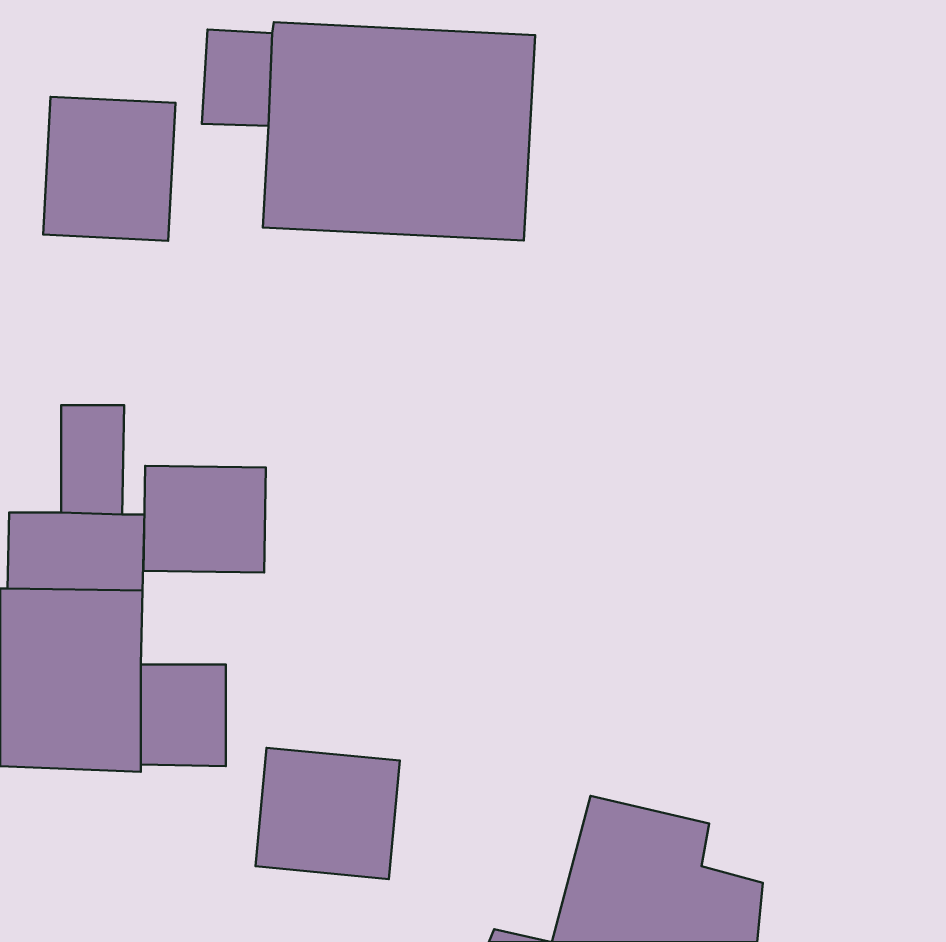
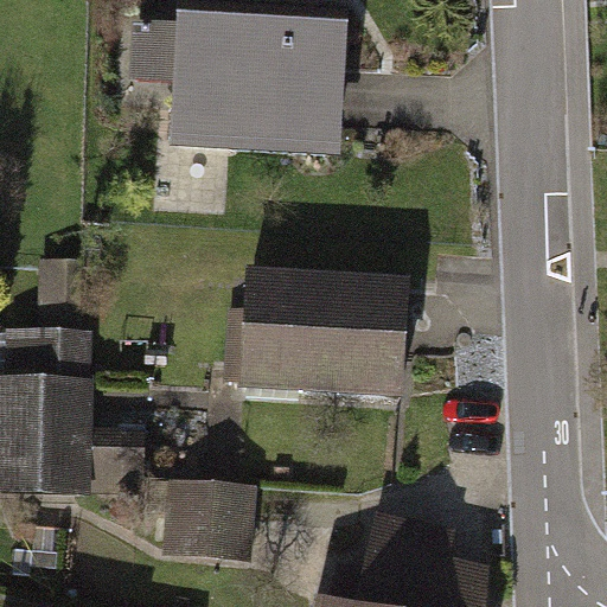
building: [43,97,175,241] -> none
building: none -> [239,267,408,396]
building: [143,466,266,573] -> none

